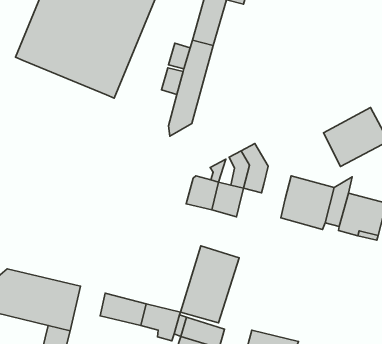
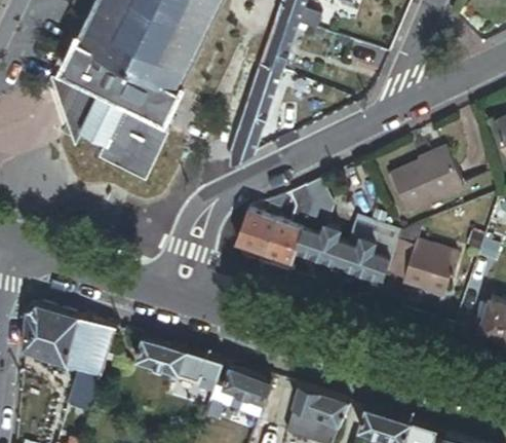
building: none -> [49,76,168,183]
building: none -> [295,227,346,265]
building: [180,246,239,323] -> none

